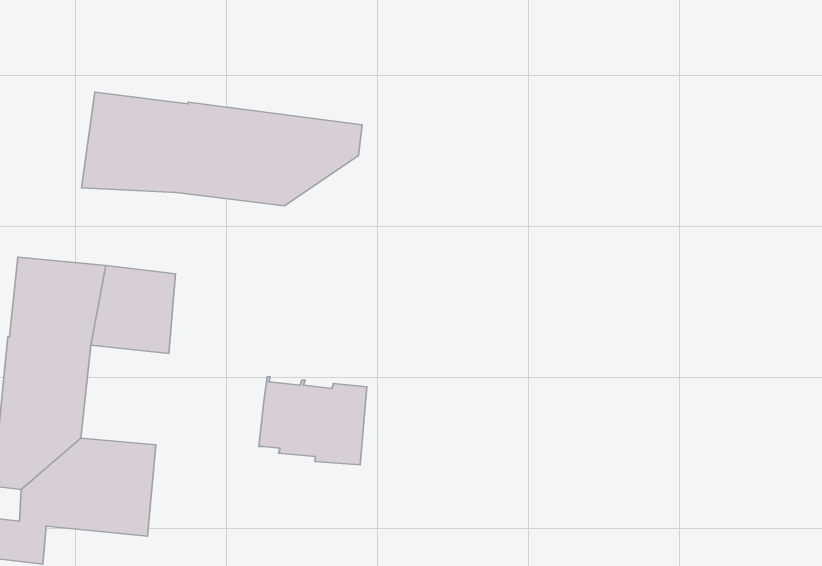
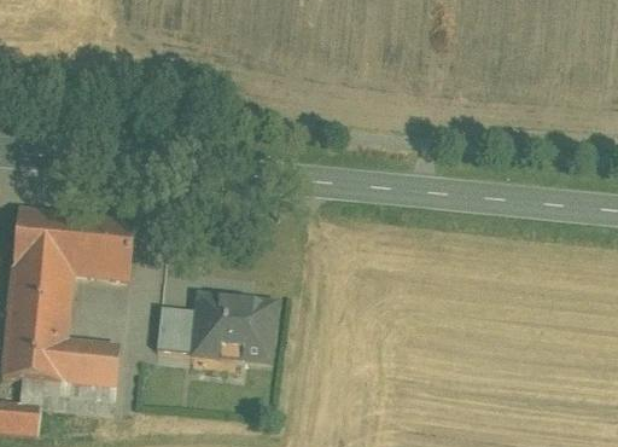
building: [82,92,362,206] -> none
building: none -> [157,306,198,352]

